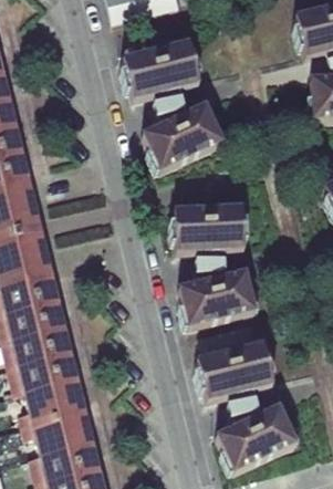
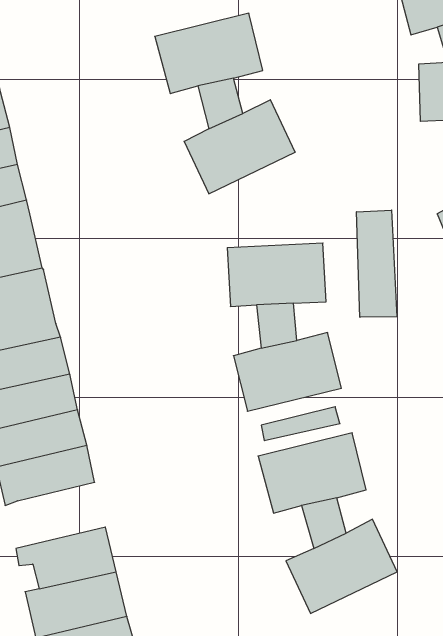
building: none -> [357,210,397,317]
building: [19,377,86,425] -> none

